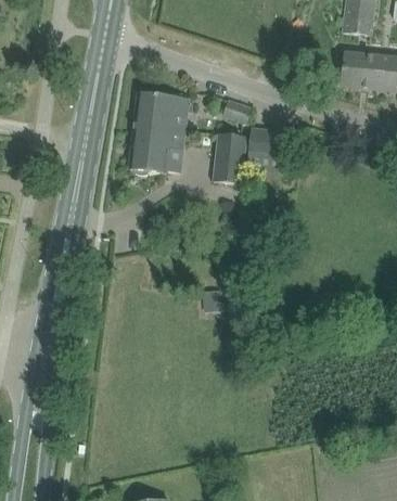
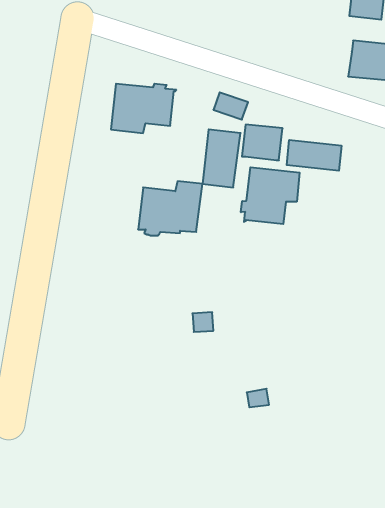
building: [128,127,184,175] -> [138,181,202,236]
building: none -> [287,140,341,171]
building: none -> [241,167,300,224]

